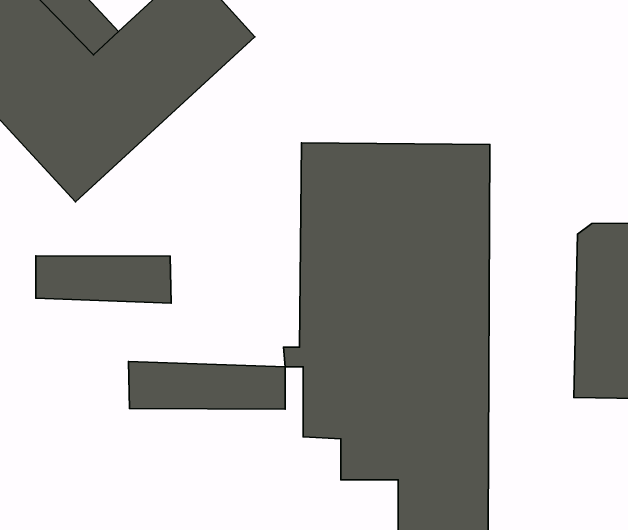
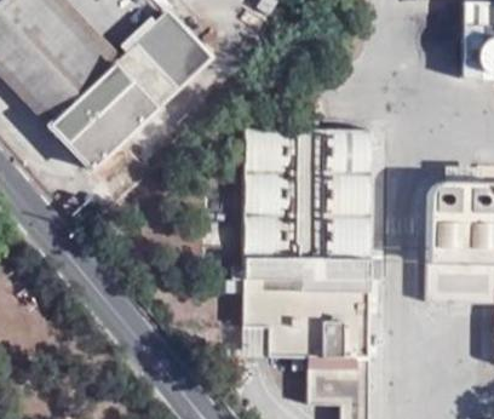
building: [36,256,171,303] -> none
building: [129,362,285,409] -> none

